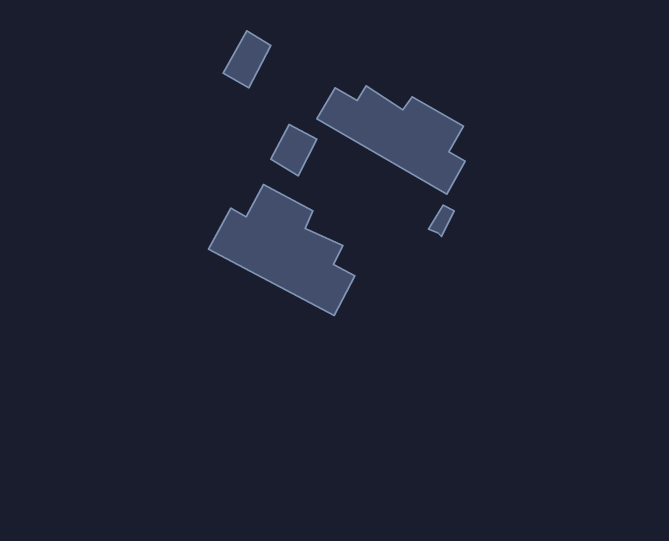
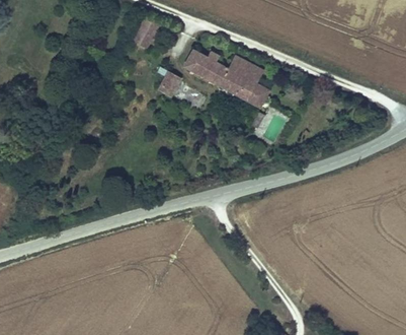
building: [208,184,355,315] -> none

